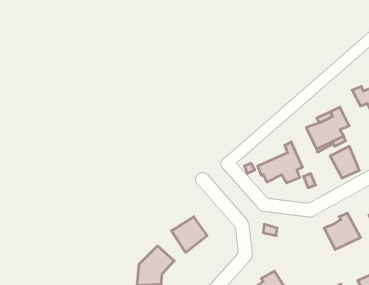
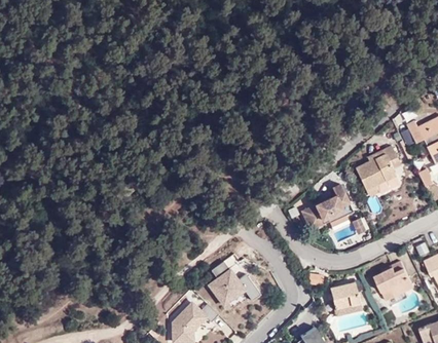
building: [330,146,359,178] -> none
building: none -> [330,284,359,316]

